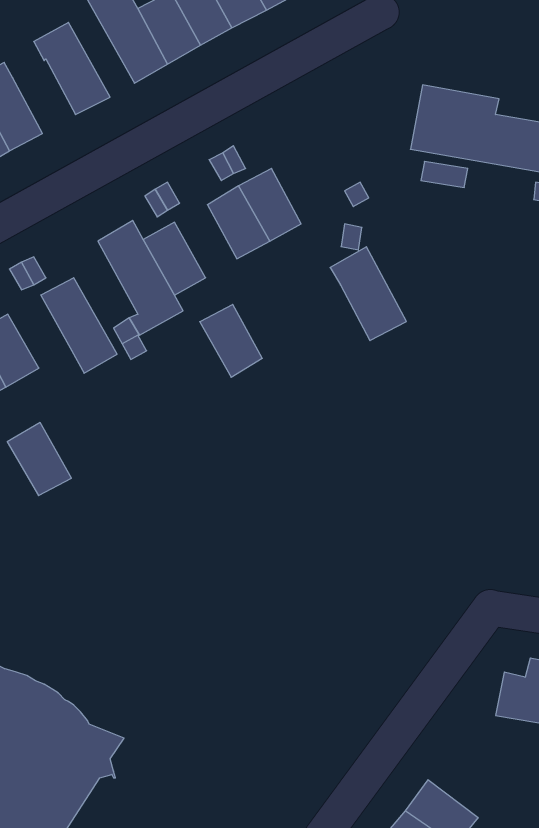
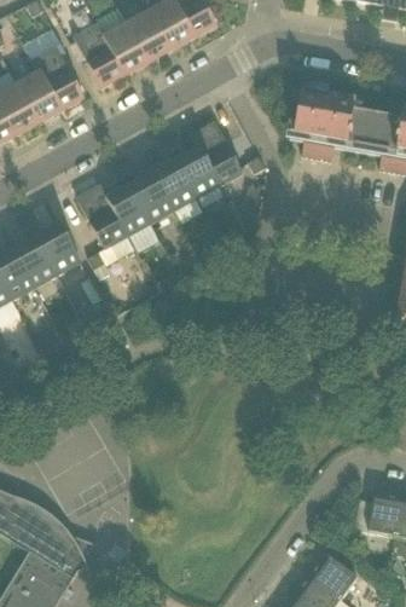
building: none -> [17,70,60,122]
building: [330,247,406,341] -> [190,120,243,185]
building: [200,304,262,377] -> [129,172,173,222]
building: [7,423,71,496] -> [13,235,58,285]
building: none -> [306,550,358,599]

